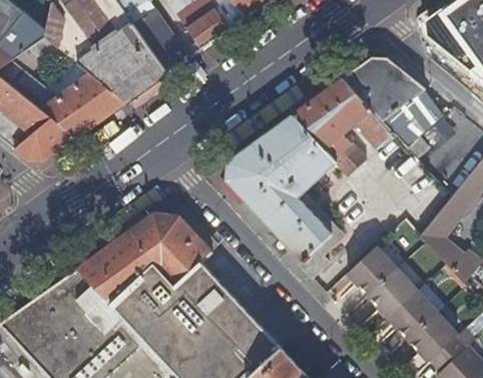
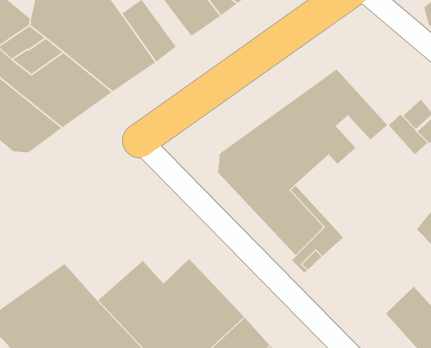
building: [343,56,426,121] -> none
building: [78,213,210,304] -> none
building: [348,246,418,317] -> none

